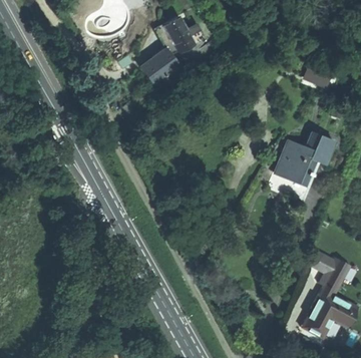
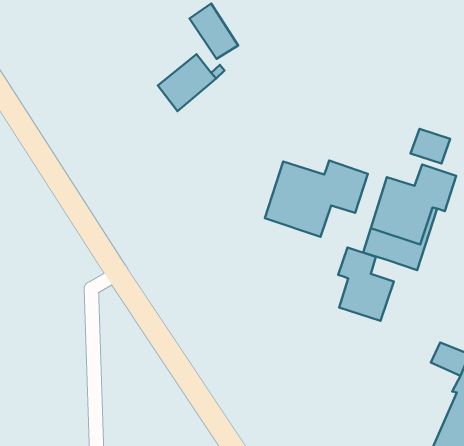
building: [305,61,332,85] -> [411,129,450,163]
building: none -> [265,161,368,237]
building: none -> [338,247,394,321]

